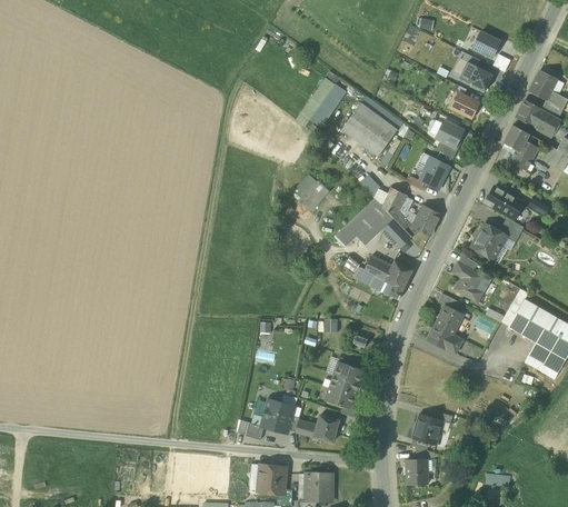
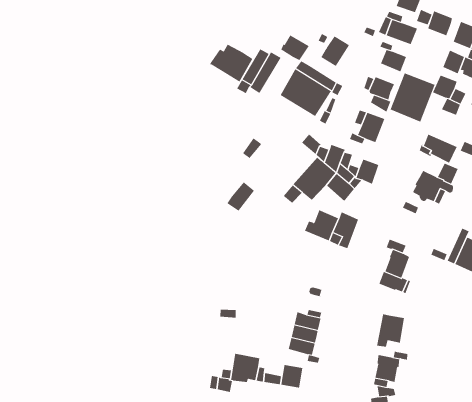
building: none -> [428,11,453,36]
building: none -> [280,35,309,61]
building: none -> [209,44,253,83]
building: none -> [320,35,350,67]
building: none -> [390,73,436,123]
building: [298,180,329,211] -> [226,181,255,211]
building: [454,264,481,300] -> none
building: none -> [377,313,405,348]

